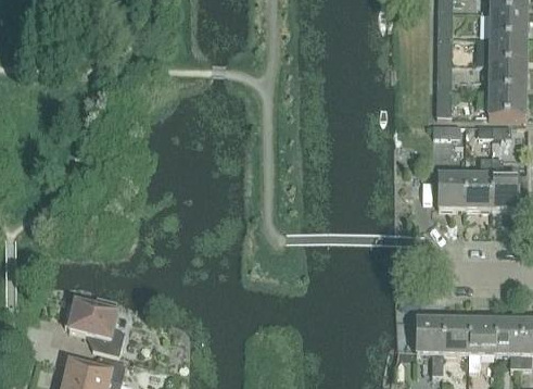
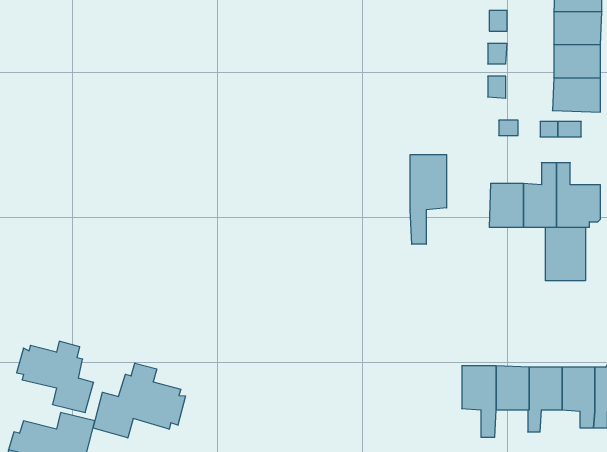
building: none -> [410,155,447,244]
building: none -> [545,227,585,281]
building: none -> [93,363,185,438]

